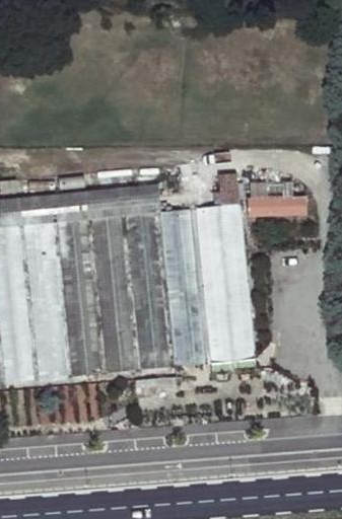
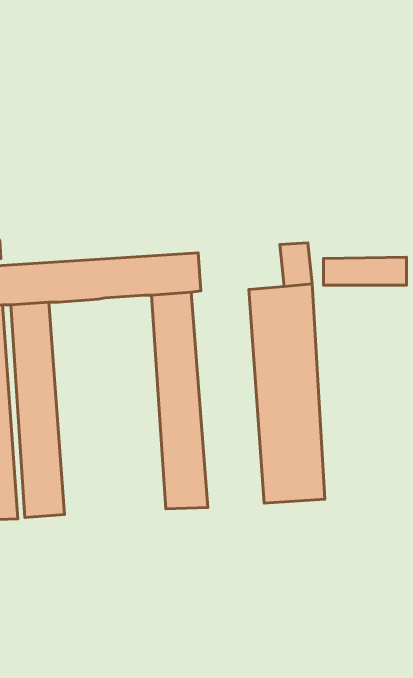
building: [161,217,200,373] -> none
building: [92,221,132,377] -> none
building: [59,224,98,380] -> none

